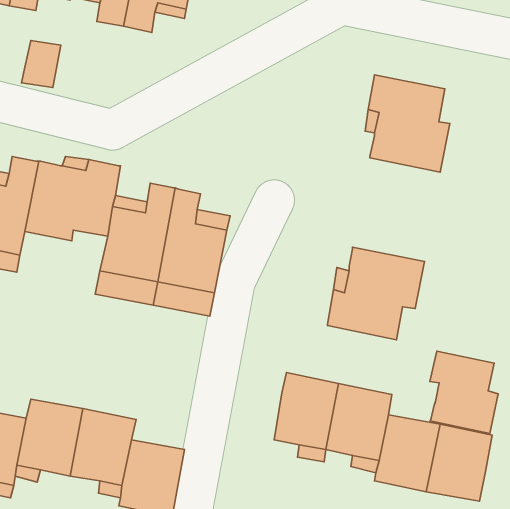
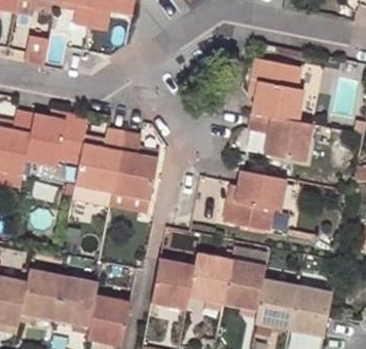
building: none -> [249,111,313,159]
building: [430,351,498,433] -> none
building: none -> [151,259,194,309]

